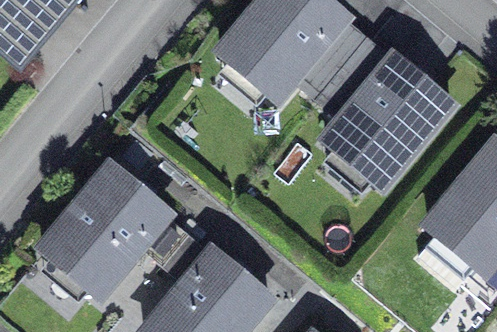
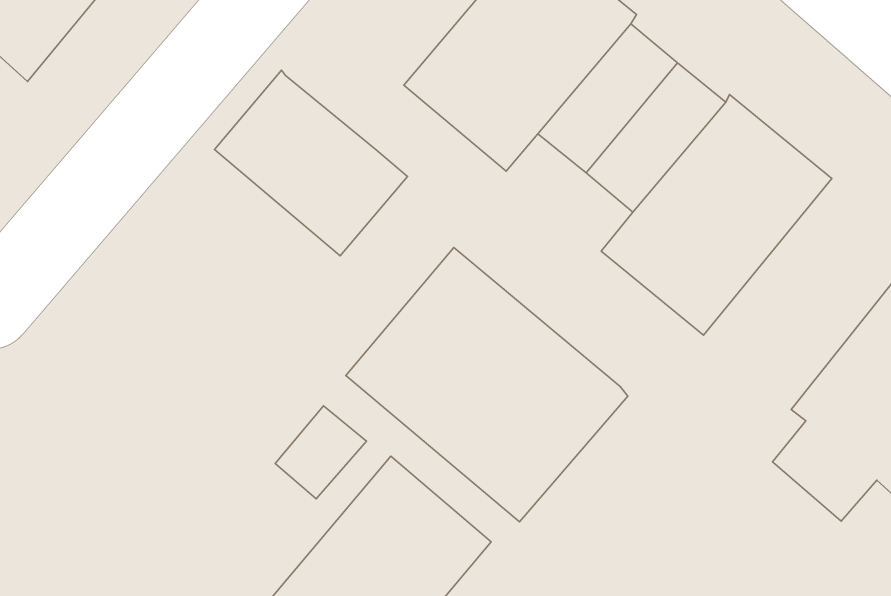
building: none -> [214,70,407,256]
building: none -> [346,248,628,522]
building: [45,167,168,295] -> none

